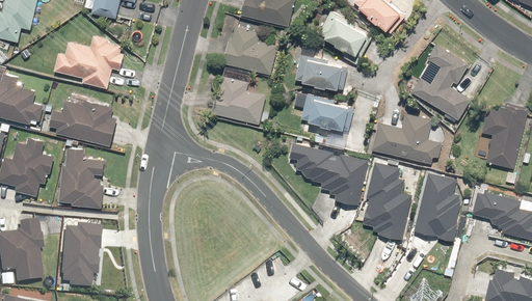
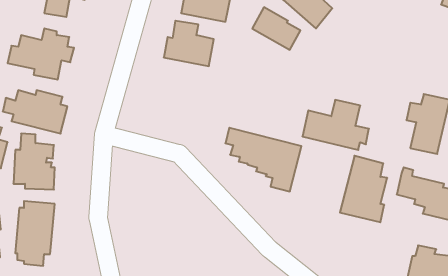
building: [414,42,471,118] -> none
building: [295,48,339,87] -> none
building: [211,72,269,122] -> none
building: [300,90,347,128] -> none
building: [358,160,411,237] -> none

